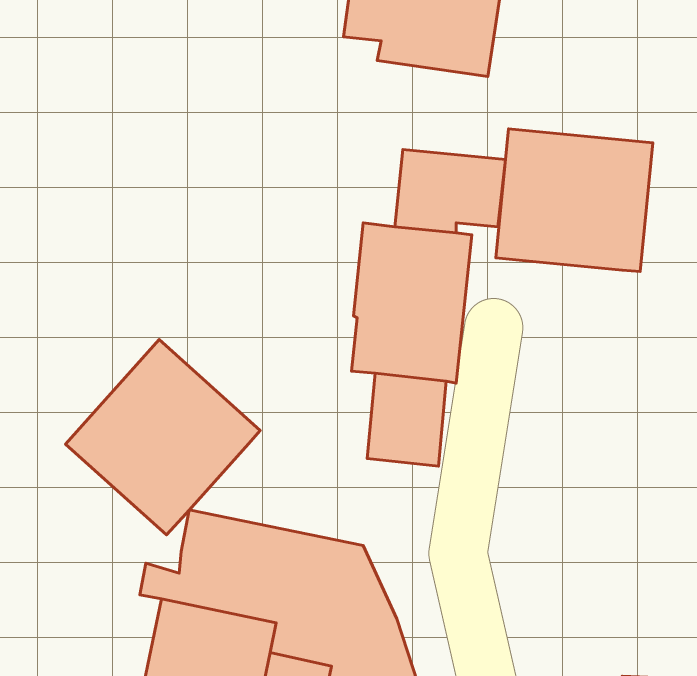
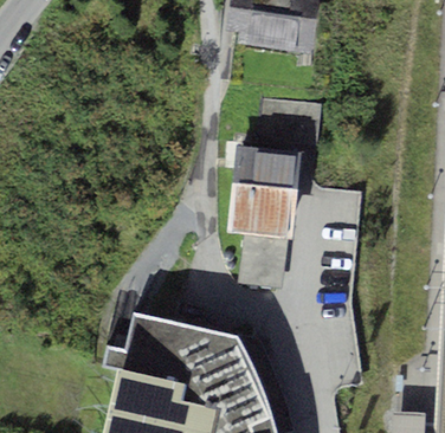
building: [496,129,653,272] -> none
building: [65,340,260,535] -> none

